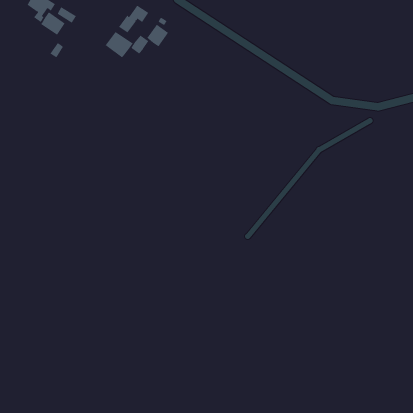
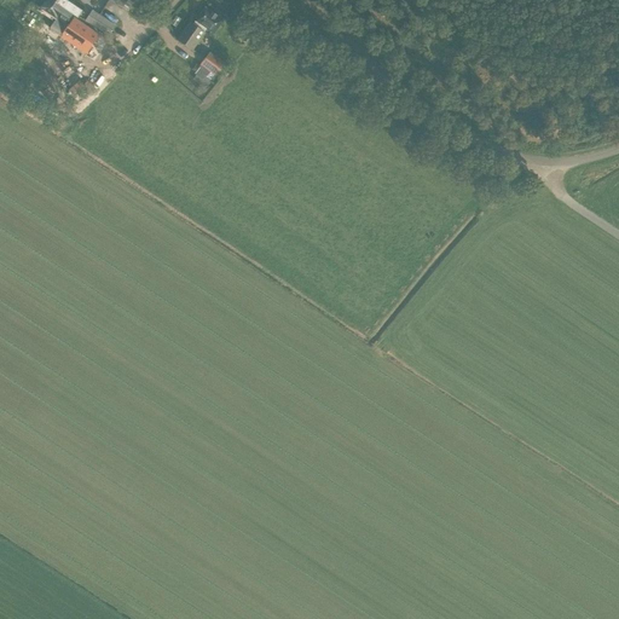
building: [147,24,169,47] -> none
building: [105,31,133,58] -> none

